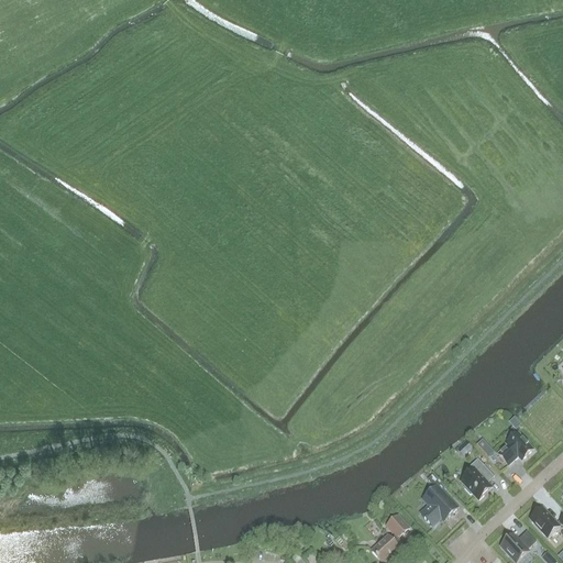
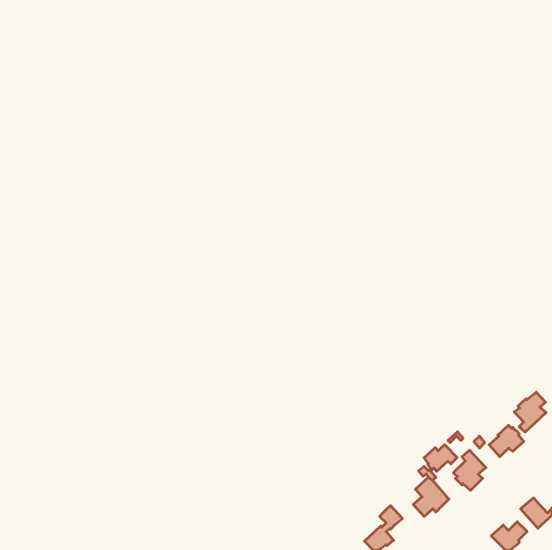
building: none -> [514,392,546,432]
building: none -> [424,445,457,471]

